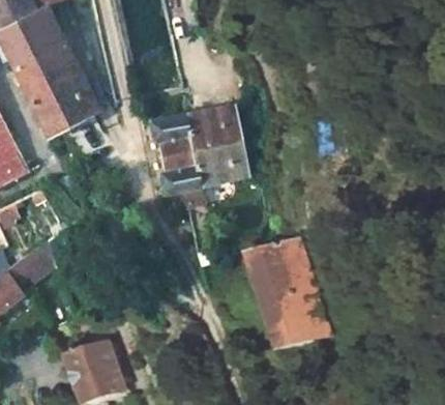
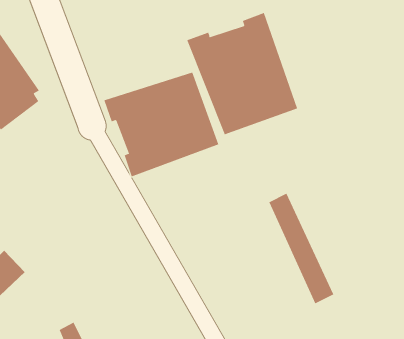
building: none -> [186,12,298,135]
building: [251,233,314,340] -> none

